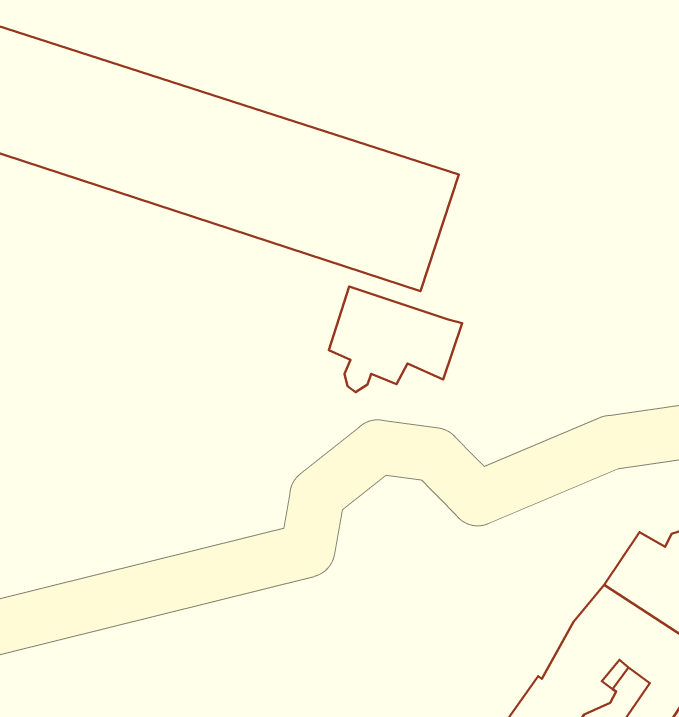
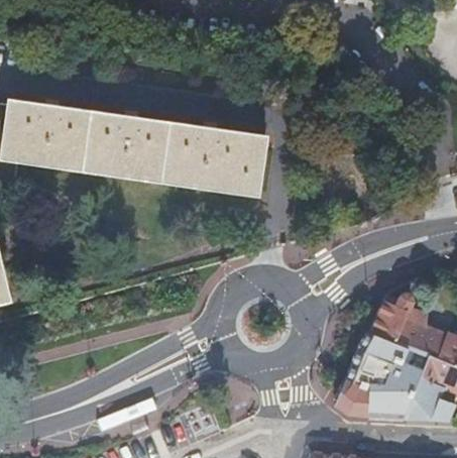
building: [329,287,462,392] -> none

